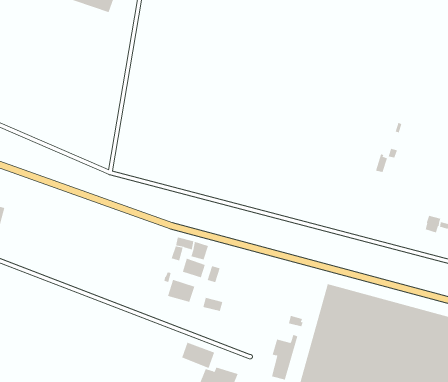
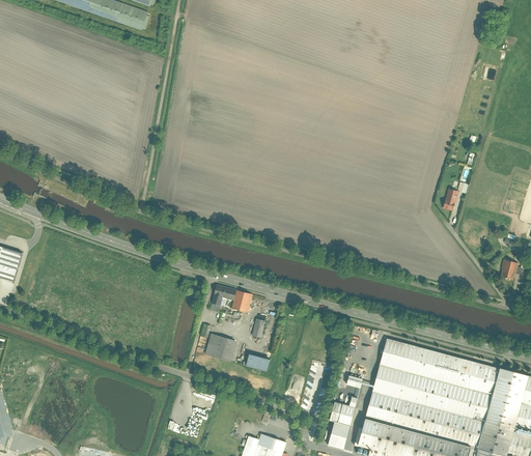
building: [182,258,205,278] -> none
building: [181,342,215,369] -> none

